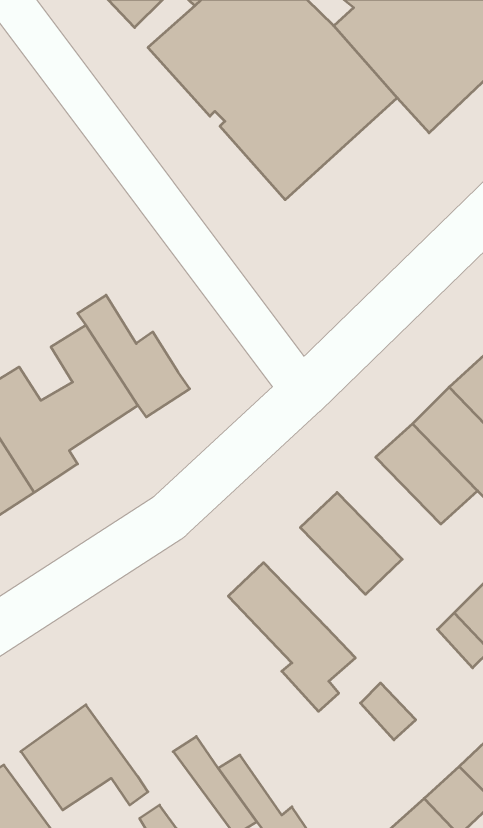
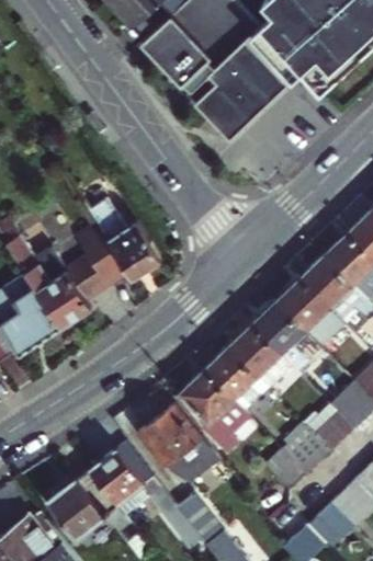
building: none -> [256,301,324,368]
building: none -> [207,347,274,413]
building: none -> [138,407,217,486]
building: none -> [284,426,331,473]
building: none -> [91,444,148,511]

